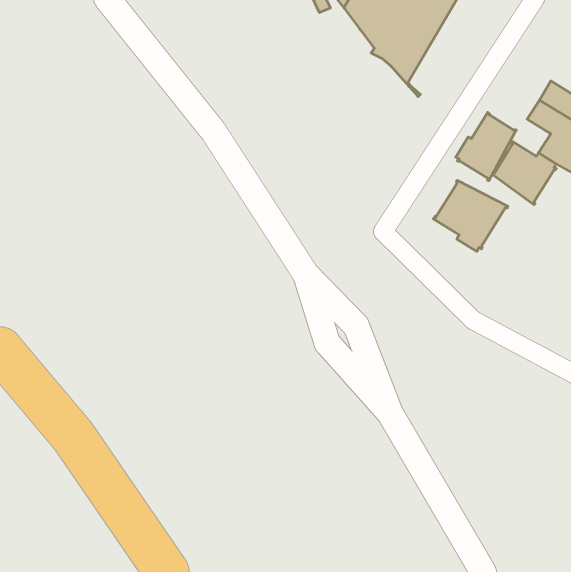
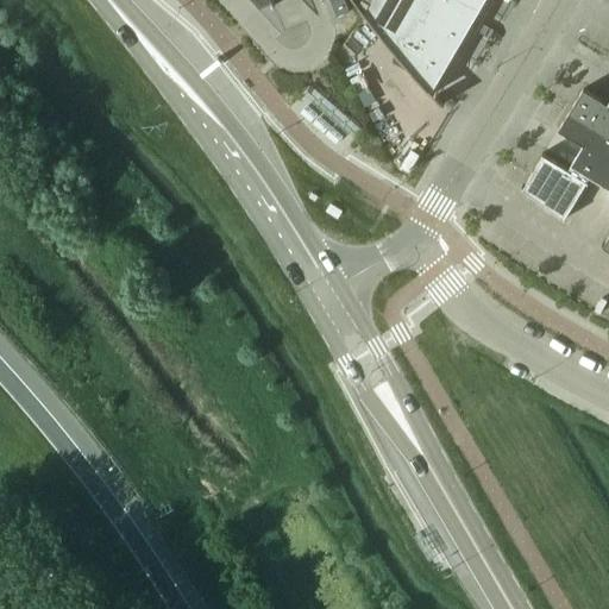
building: [456,112,516,181] -> none
building: [433,180,508,251] -> none

